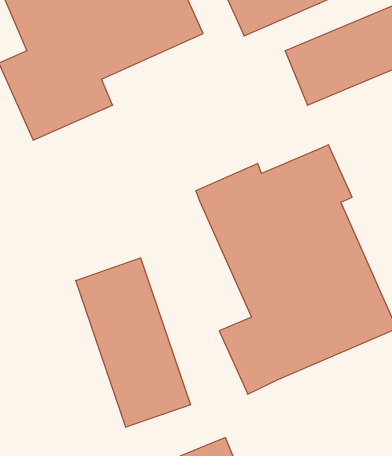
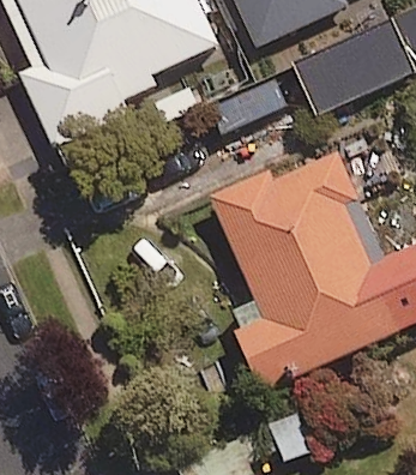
building: [76,258,191,427] -> none

